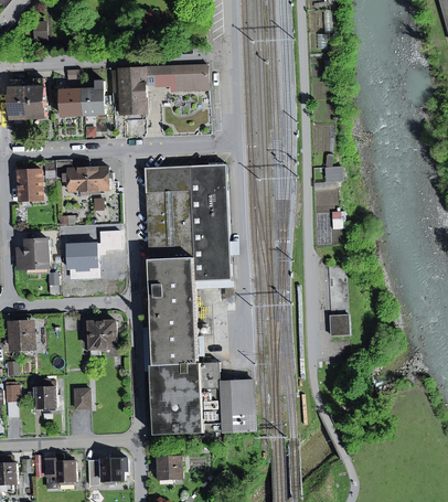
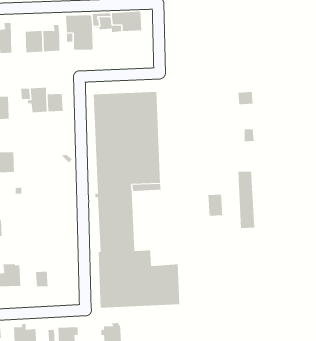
building: [66,238,93,265] -> none
building: none -> [208,194,223,217]
building: [84,320,116,355] -> none

